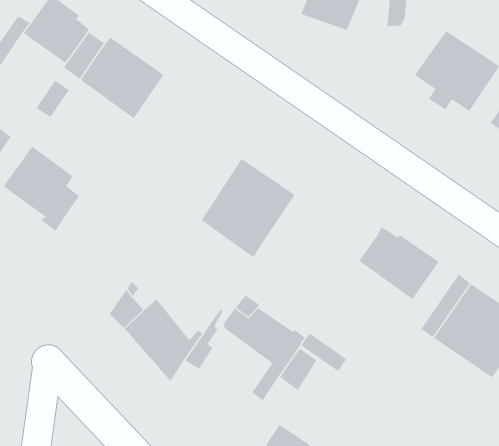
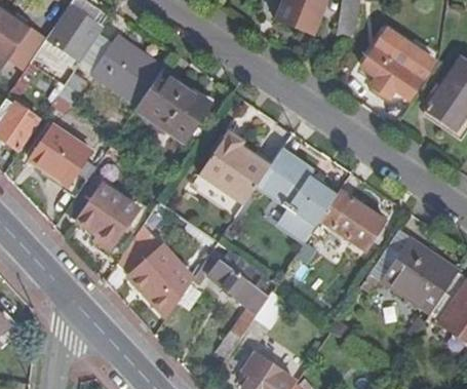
building: none -> [135,69,211,141]
building: none -> [259,149,335,242]
building: none -> [63,178,134,249]

